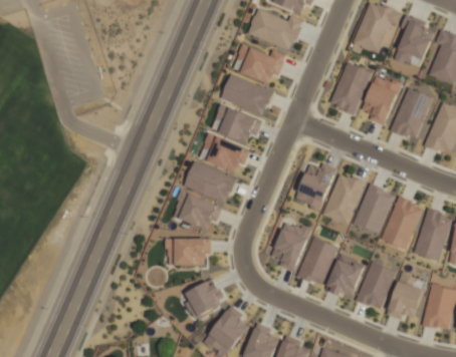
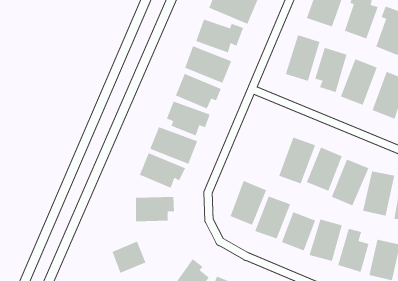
building: [296,163,333,210] -> none
building: [186,279,224,315] -> [112,241,147,274]

